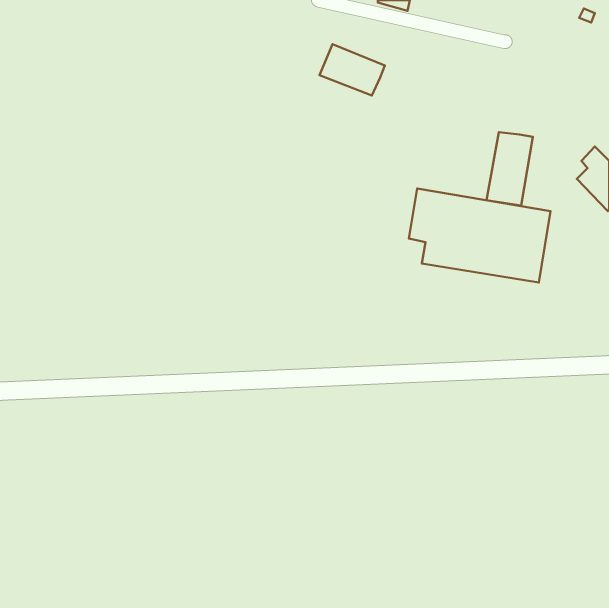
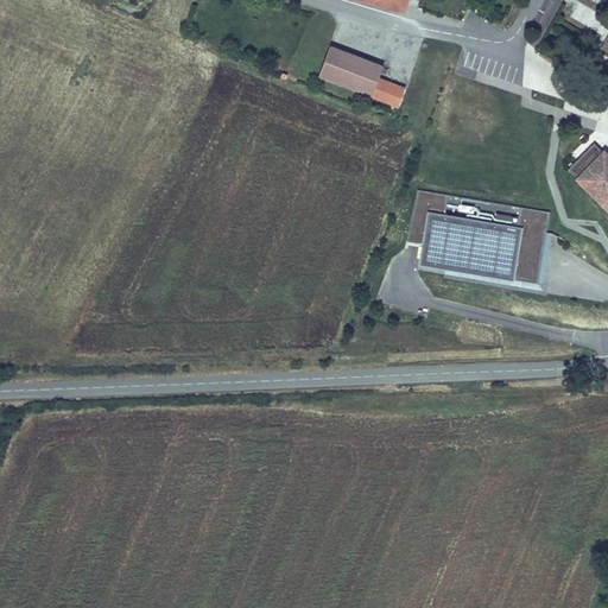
building: none -> [370,78,403,106]
building: [486,132,533,205] -> none

